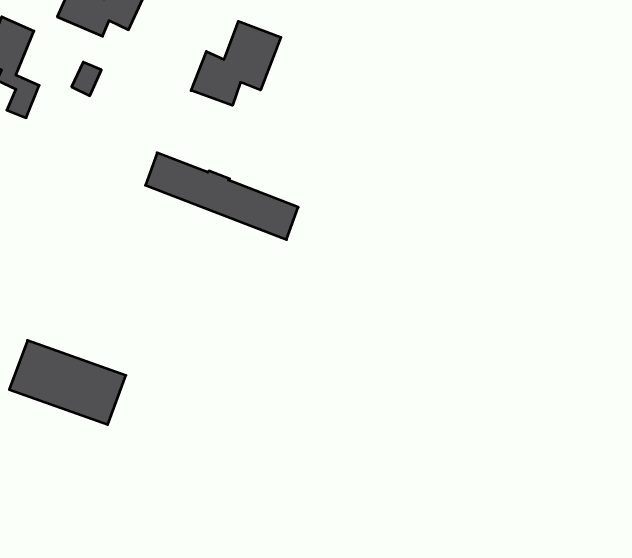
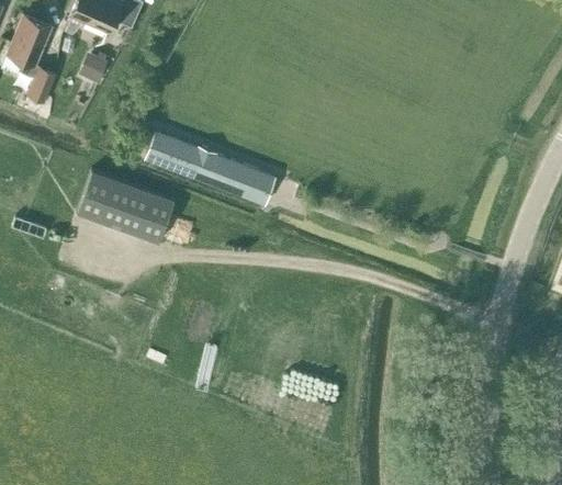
building: [191,21,281,105] -> none
building: [9,340,126,425] -> [76,171,175,243]

